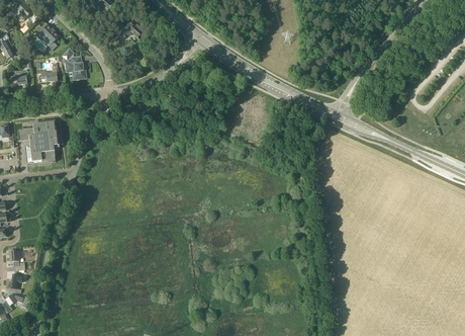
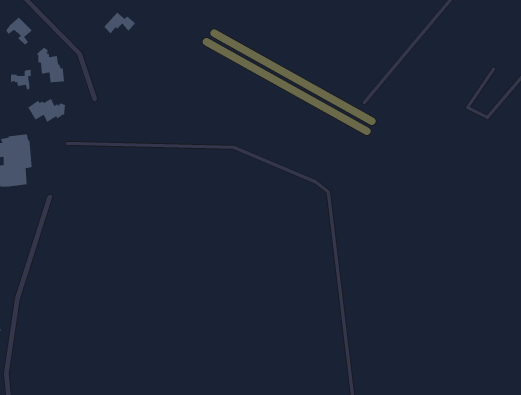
building: none -> [28,98,66,123]

